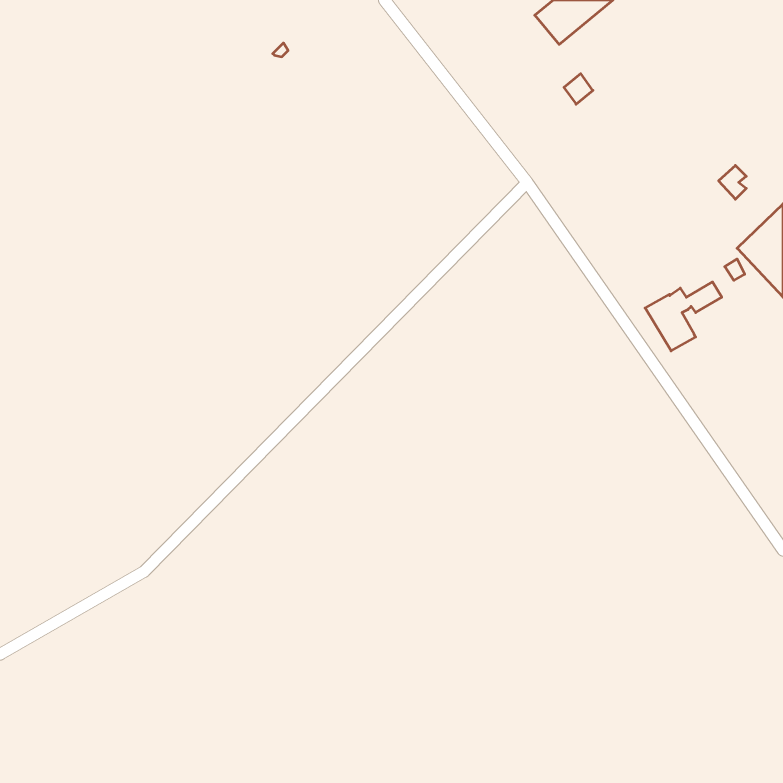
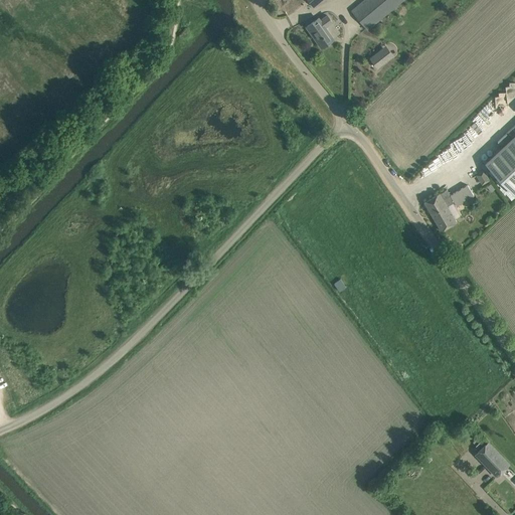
building: none -> [307,15,333,47]
building: none -> [475,442,509,476]

